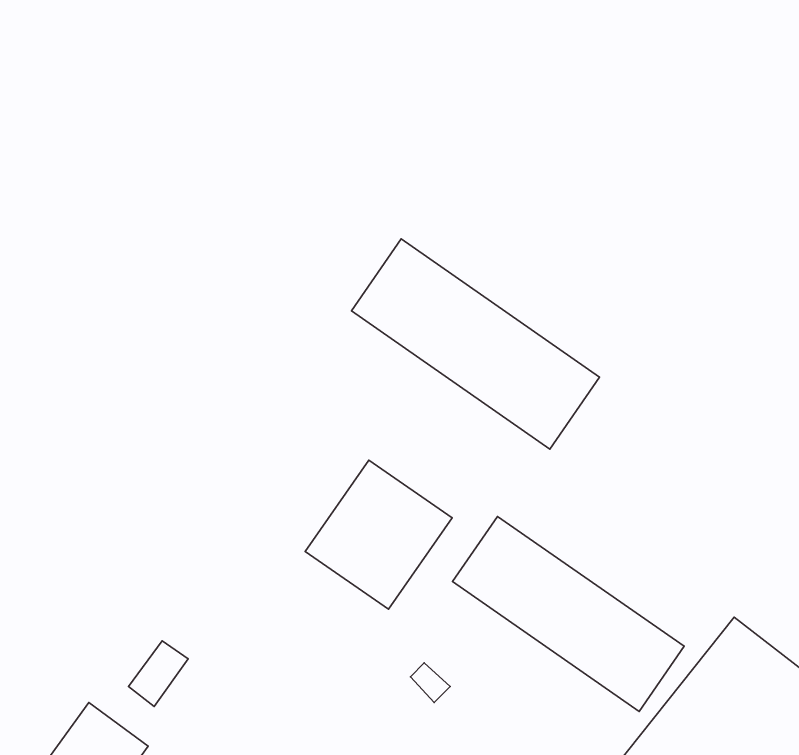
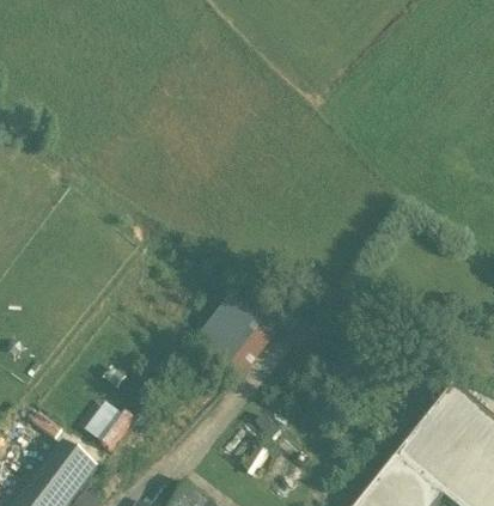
building: [351,239,600,449] -> none
building: [453,516,684,711] -> none

